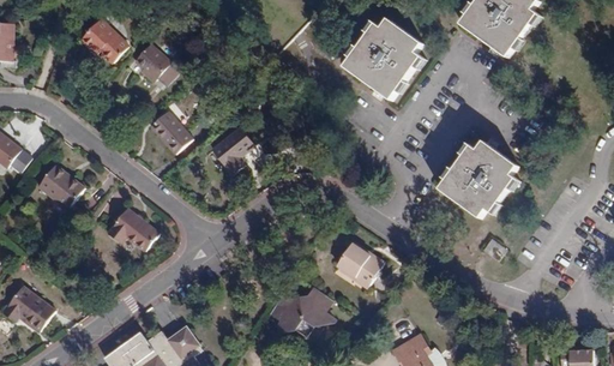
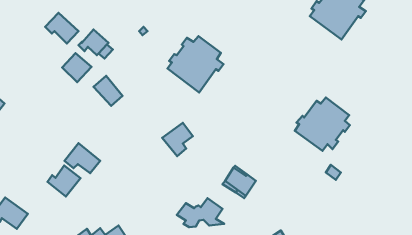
building: [345,19,426,101] -> [168,36,223,93]
building: none -> [62,53,91,82]
building: [211,127,255,175] -> [162,123,193,156]
building: [37,164,85,210] -> none
building: none -> [47,165,81,196]

